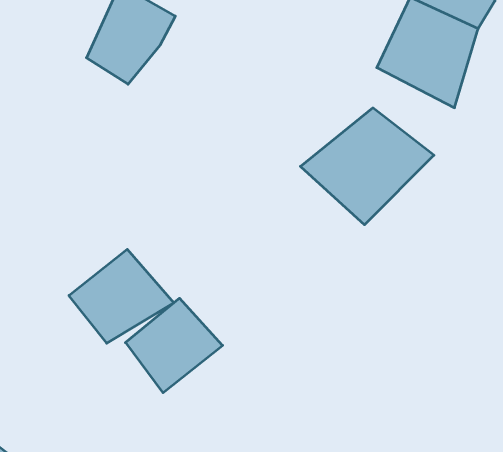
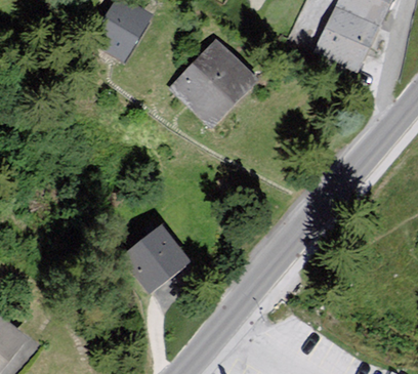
building: [300,108,434,225] -> [166,44,264,130]
building: [69,249,174,343] -> none

